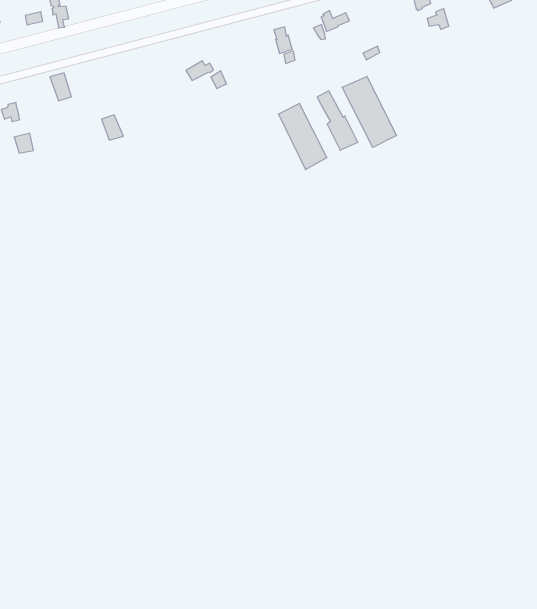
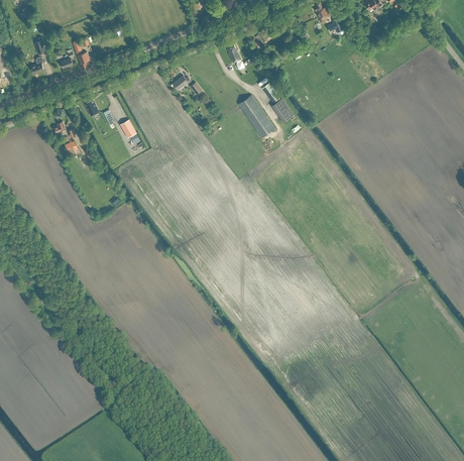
building: [342,76,396,147] -> none

